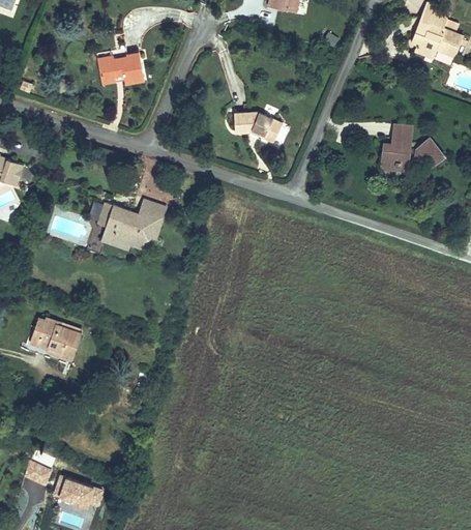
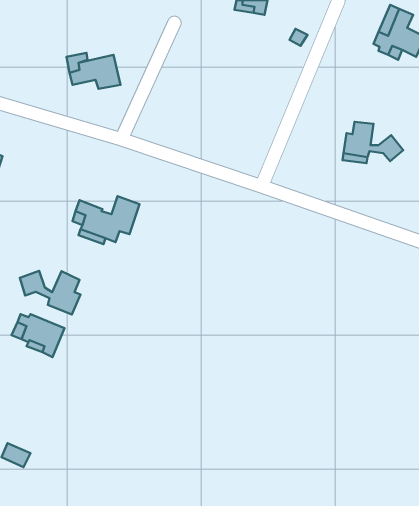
building: [233,108,279,140] -> none
building: none -> [20,271,80,315]
building: [54,472,96,504] -> none

